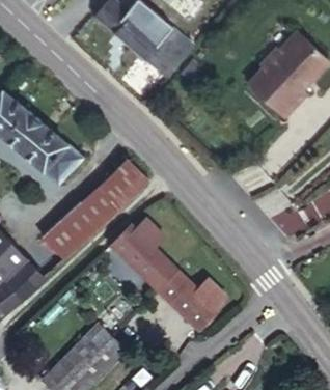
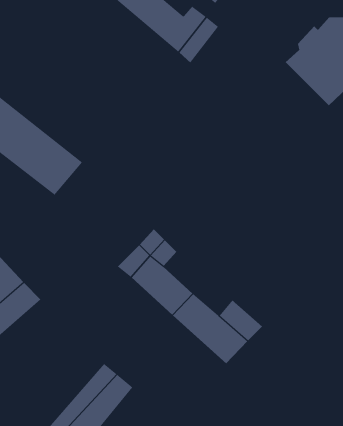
building: [45,158,148,255] -> none

